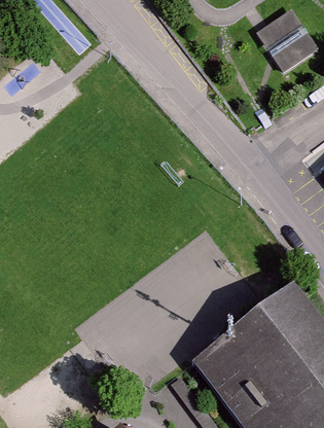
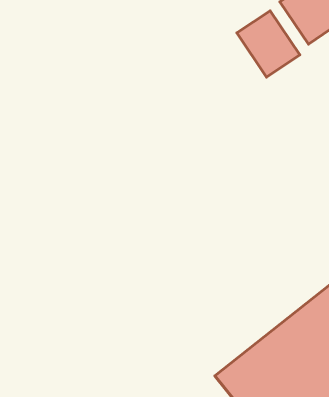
building: none -> [237,11,300,77]

